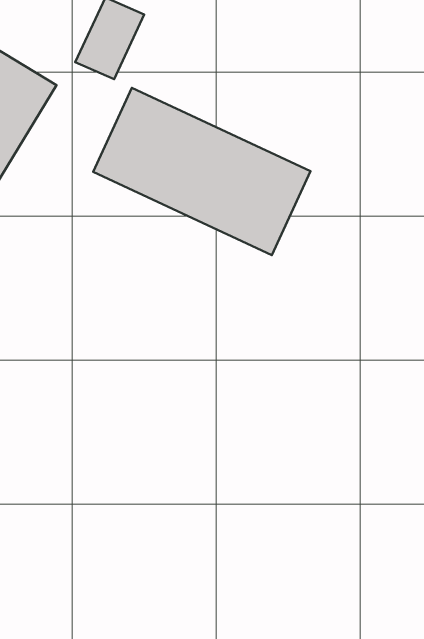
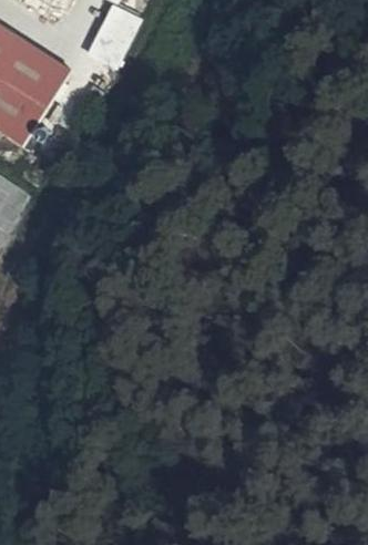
building: [93,88,311,255] -> none

